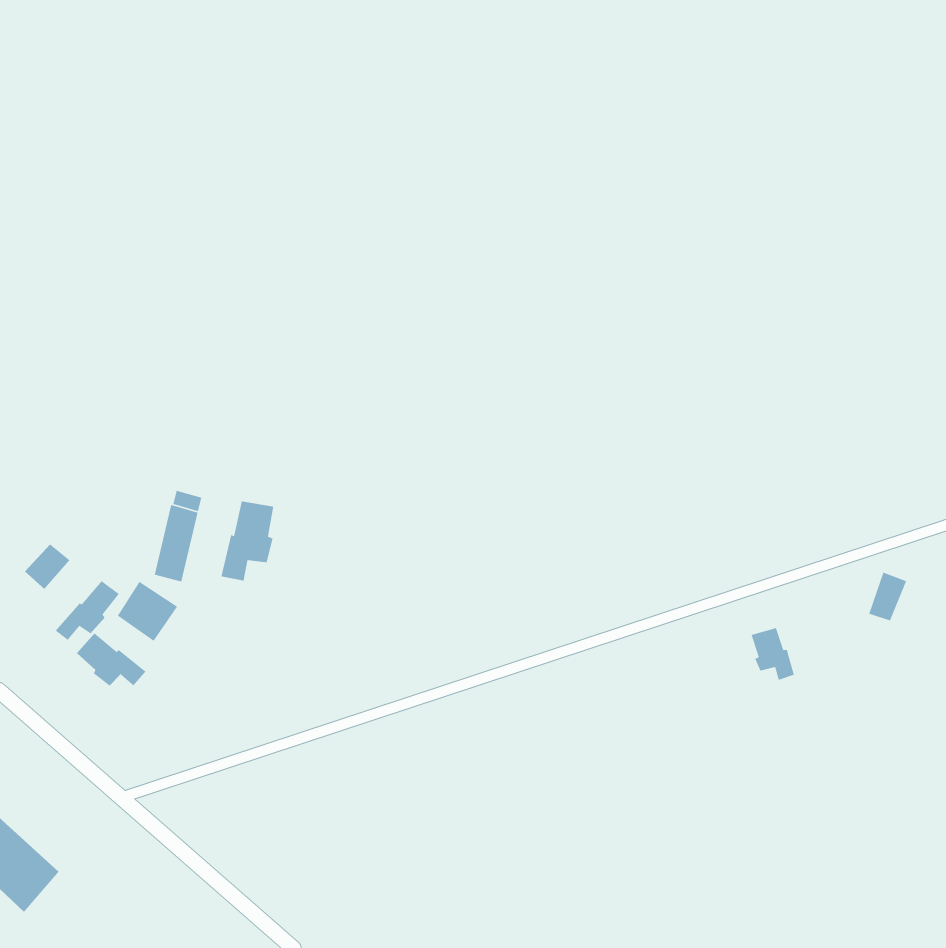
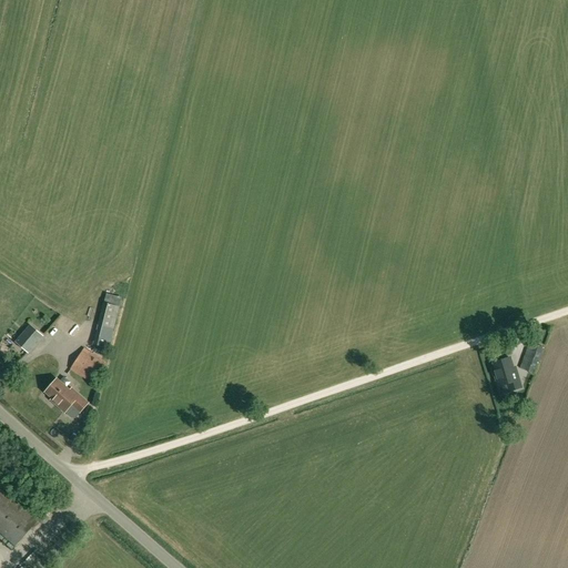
building: [221,501,274,581] -> none
building: [55,580,120,641] -> none
building: [750,627,795,681] -> [493,358,519,390]

